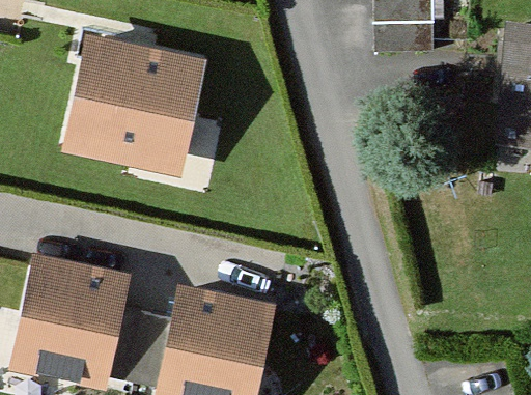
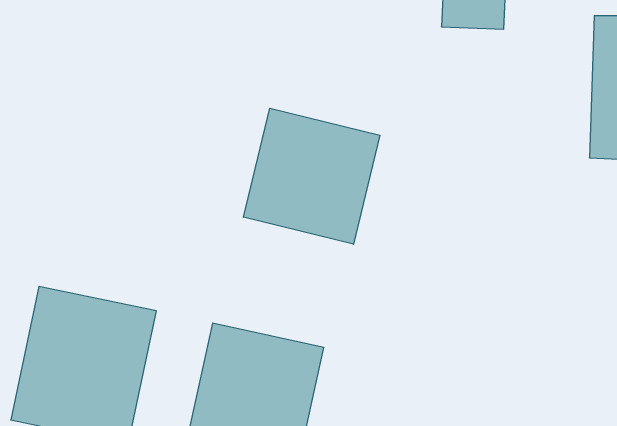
building: [64,34,207,173] -> none
building: none -> [243,108,380,244]

